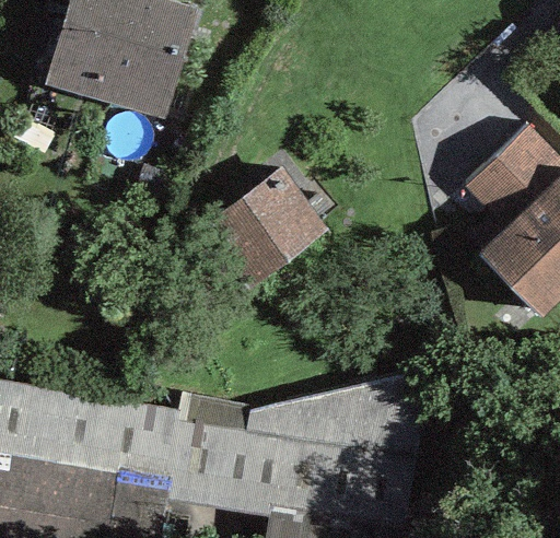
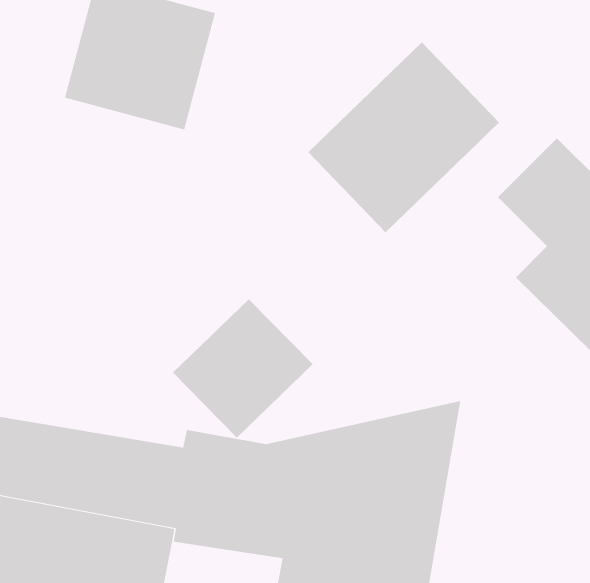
building: none -> [308,42,500,233]
building: [199,160,328,288] -> [172,298,313,438]

